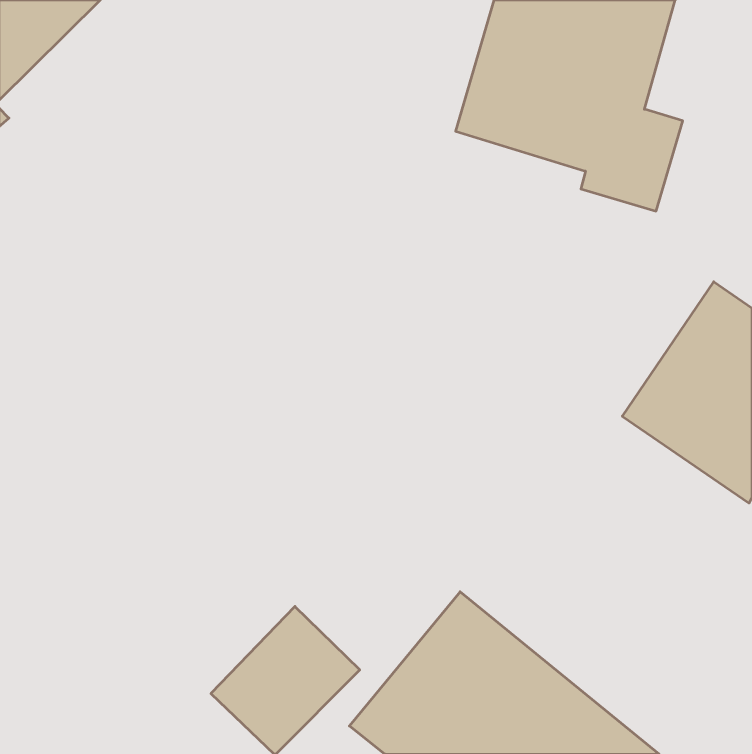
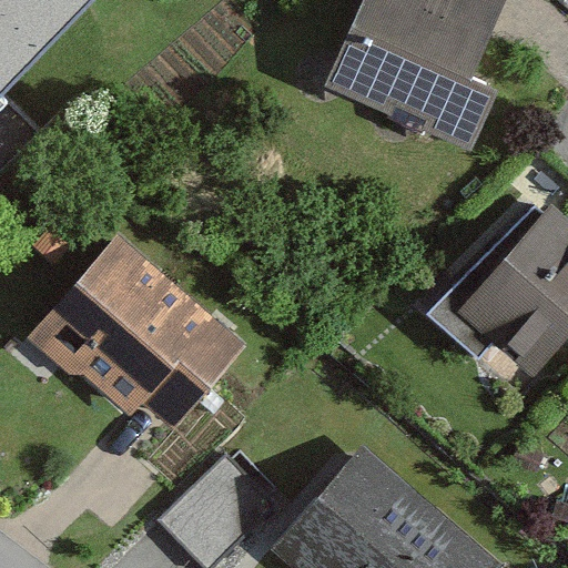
building: none -> [28,233,244,423]

